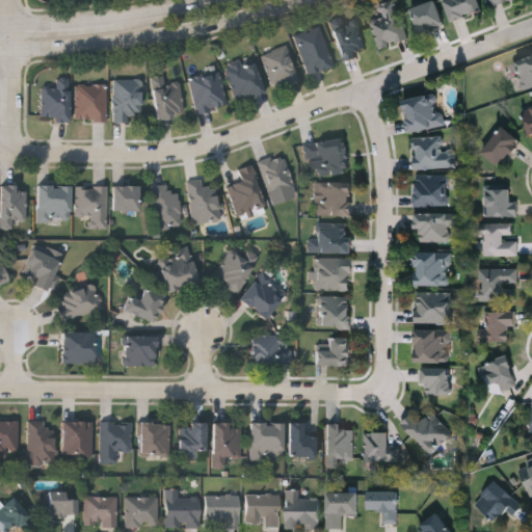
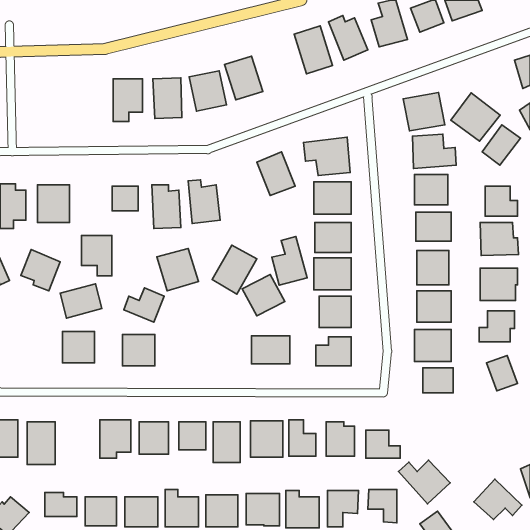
building: [261,46,299,89] -> none
building: [41,80,69,123] -> none
building: [75,84,106,122] -> none
building: none -> [451,93,500,141]
building: [229,165,264,214] -> [272,236,307,285]
building: [76,187,106,228] -> [82,235,112,276]
building: [402,411,454,455] -> [398,460,450,504]
building: [62,421,92,455] -> none

